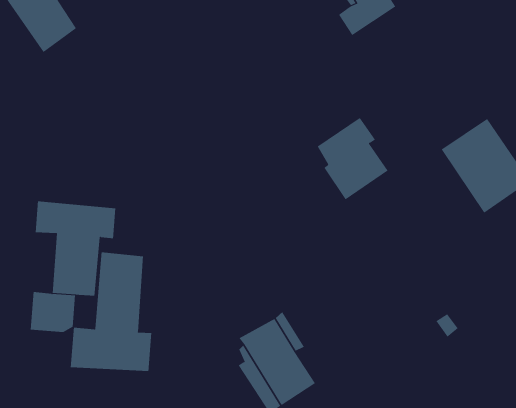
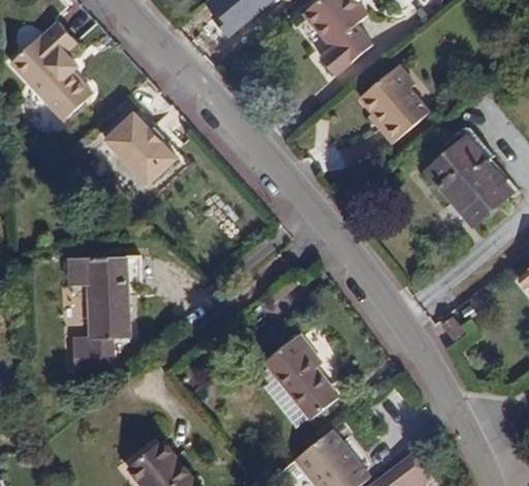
building: none -> [98,115,167,192]
building: [317,117,388,200] -> [362,64,429,141]
building: [70,251,152,372] -> none

